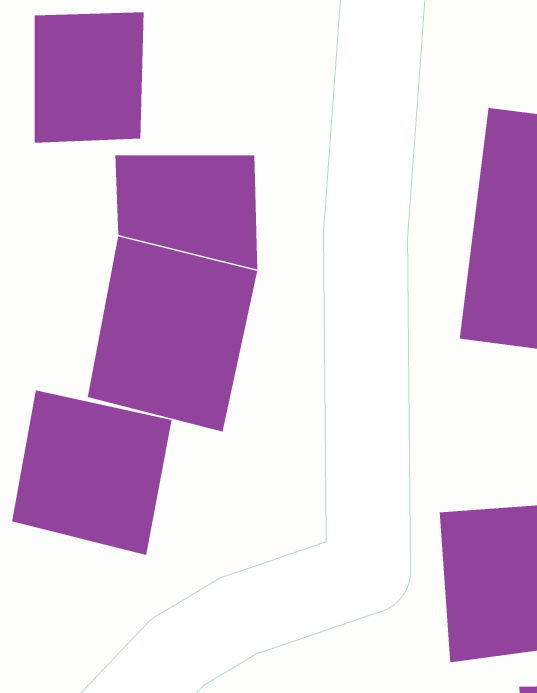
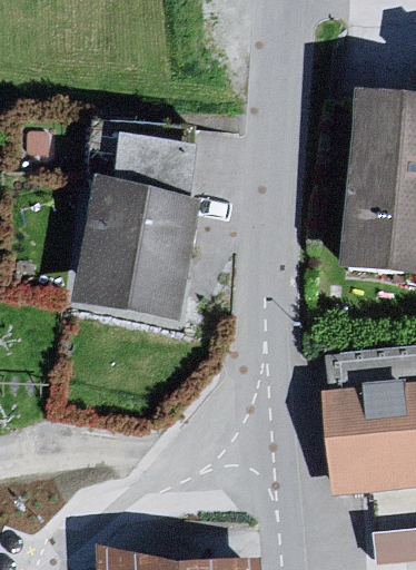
building: [34,11,145,143] -> none
building: [11,390,173,556] -> none

